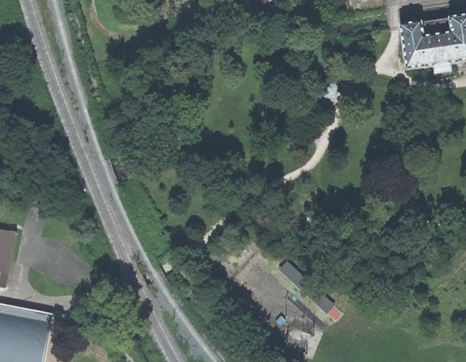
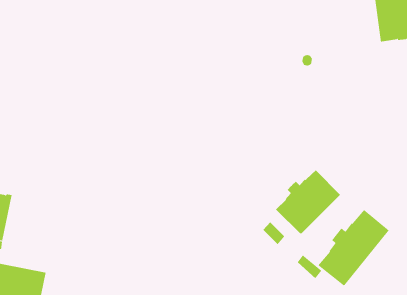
building: none -> [275,169,341,234]
building: none -> [318,209,389,286]

